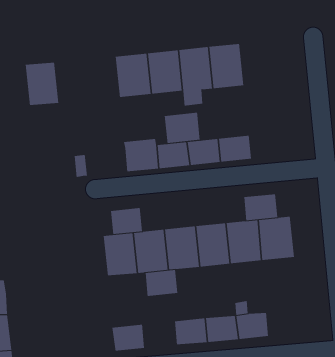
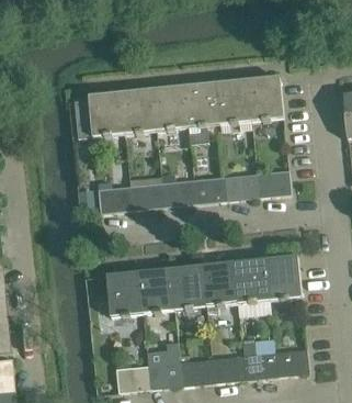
building: none -> [246,76,283,122]
building: [25,62,59,105] -> [88,92,123,136]
building: [164,112,200,144] -> none
building: [243,194,278,221] -> [256,169,291,197]
building: [110,208,143,235] -> [98,186,130,213]
building: [145,270,178,297] -> [147,361,181,389]
building: none -> [273,349,309,377]

